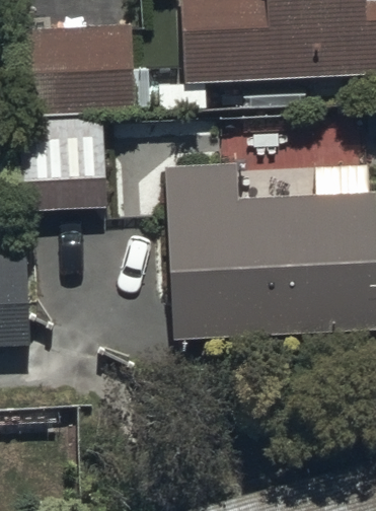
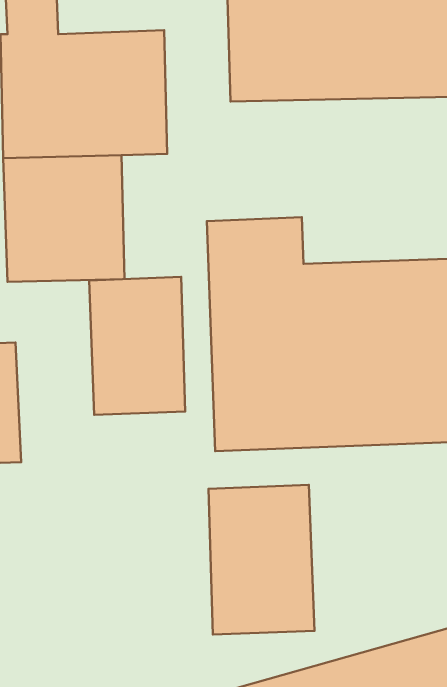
building: none -> [89,277,185,415]
building: none -> [209,485,314,635]

